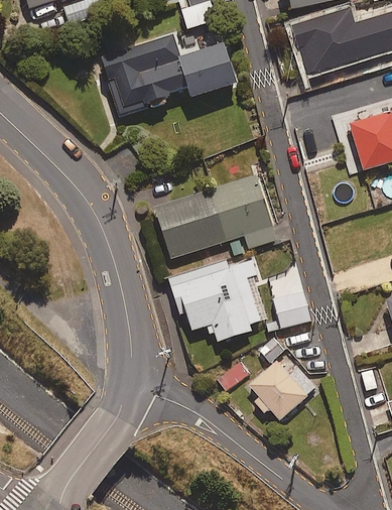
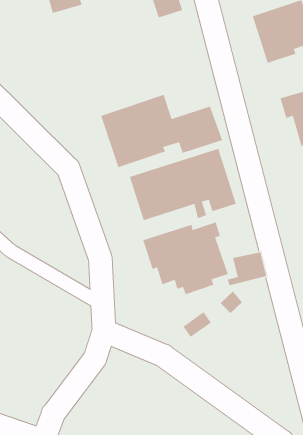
building: [100,30,239,114] -> [100,94,223,168]
building: [246,358,316,419] -> none

